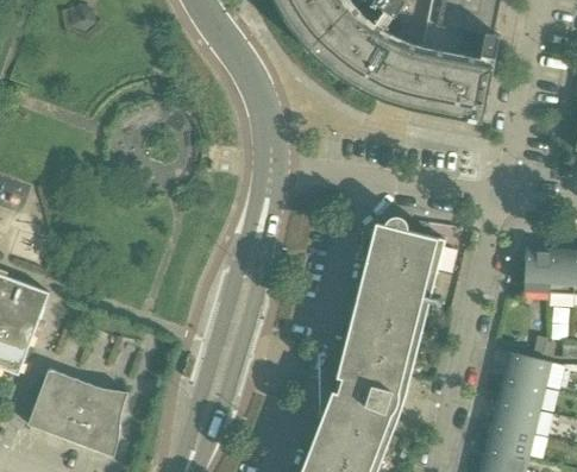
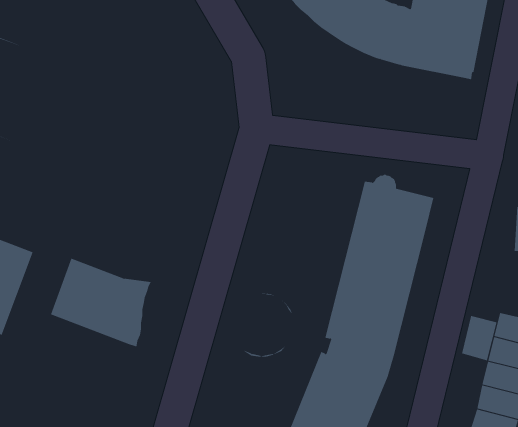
building: none -> [462,315,497,361]
building: [29,367,128,455] -> [50,258,152,347]

